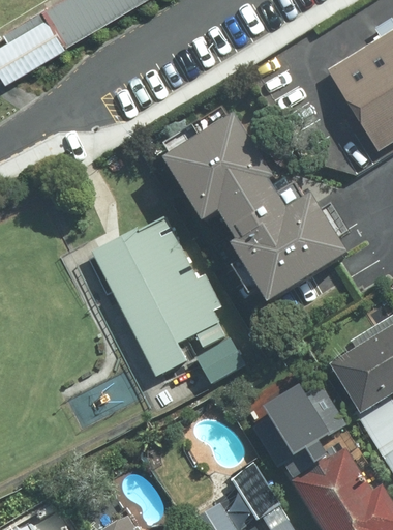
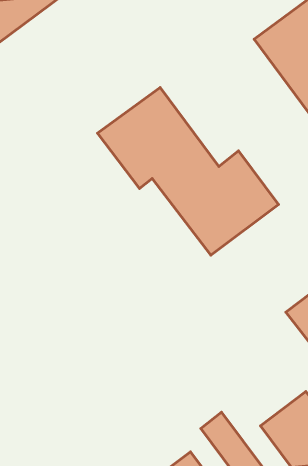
building: [95,232,220,390] -> none
building: [254,383,346,465] -> none

